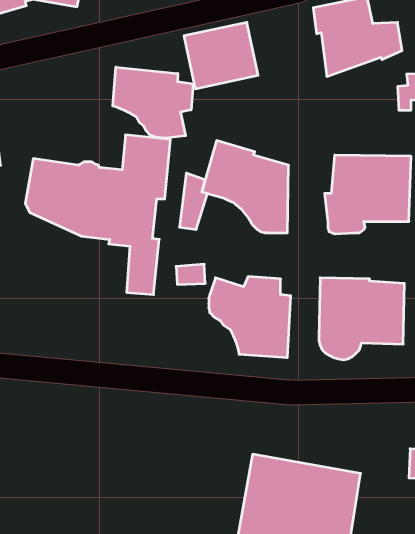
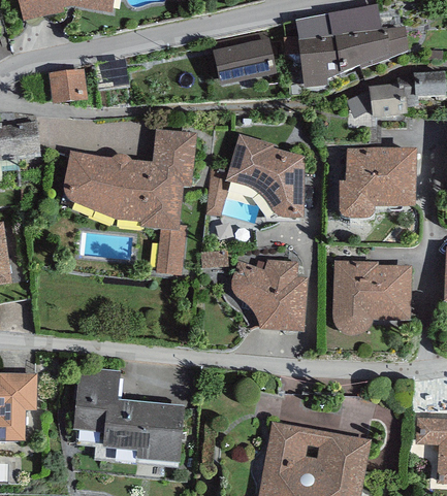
building: none -> [282,11,340,90]
building: [113,67,193,138] -> none
building: none -> [47,68,86,104]
building: none -> [346,84,407,118]
building: none -> [73,364,186,463]

